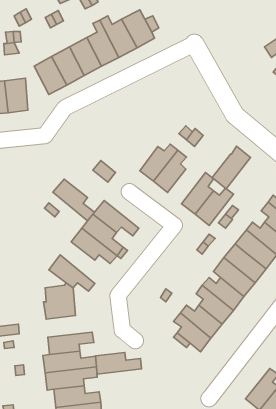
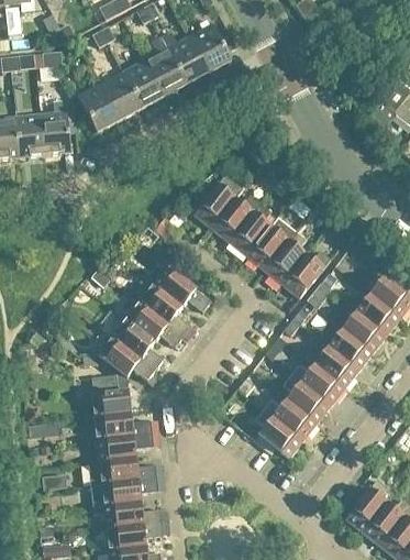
building: none -> [195,175,243,229]
building: [212,146,250,189] -> [247,217,296,271]
building: [53,179,94,221] -> [111,319,164,372]
building: [96,352,141,374] -> [93,413,152,440]

